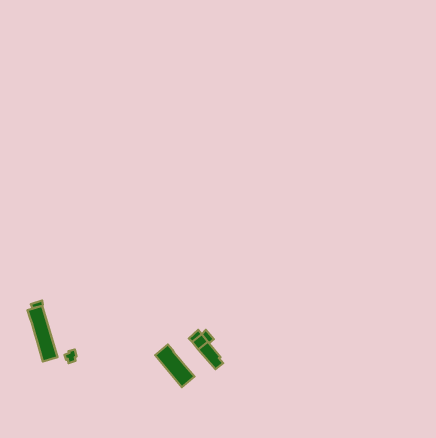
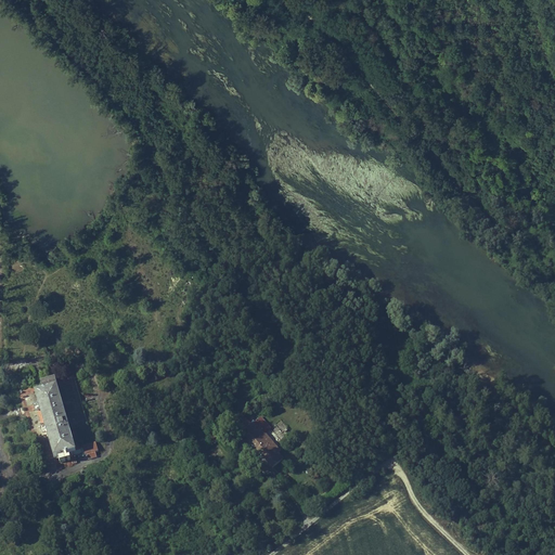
building: [155,344,195,387] -> none

